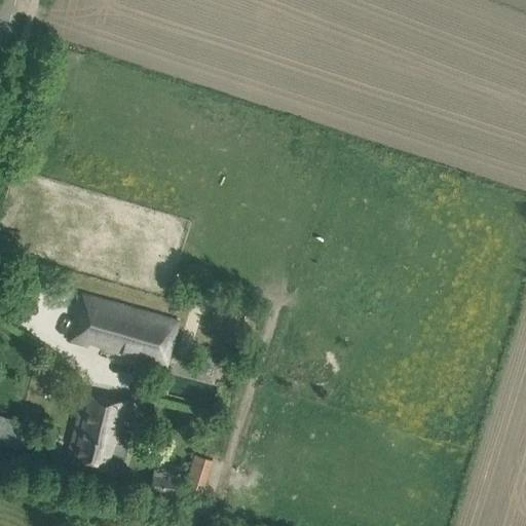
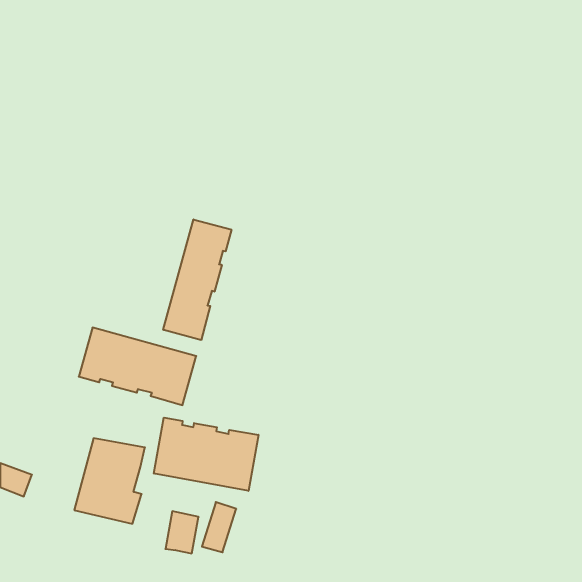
building: none -> [163,219,231,340]
building: none -> [154,418,258,491]

